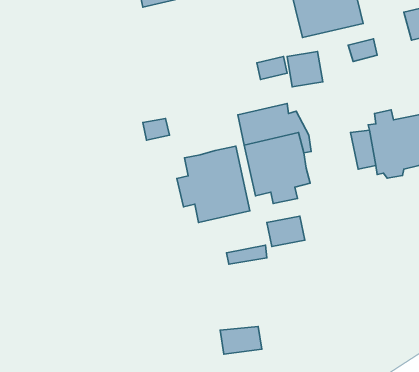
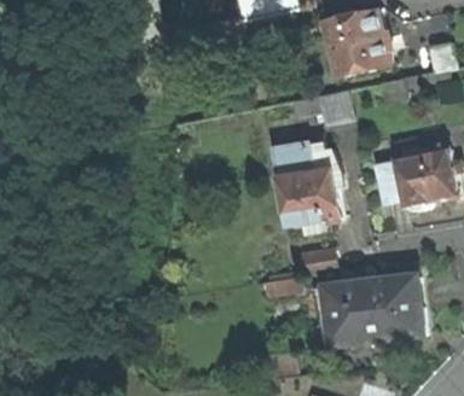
building: [177,146,250,222] -> none
building: none -> [323,273,424,339]

